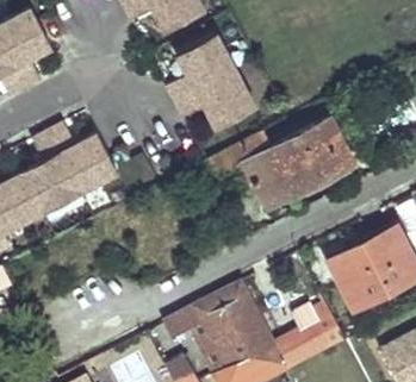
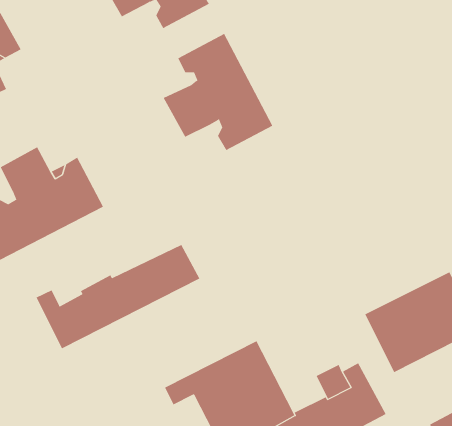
building: [205,117,352,205] -> none
building: none -> [36,244,200,349]

